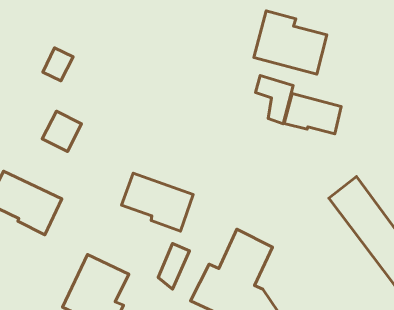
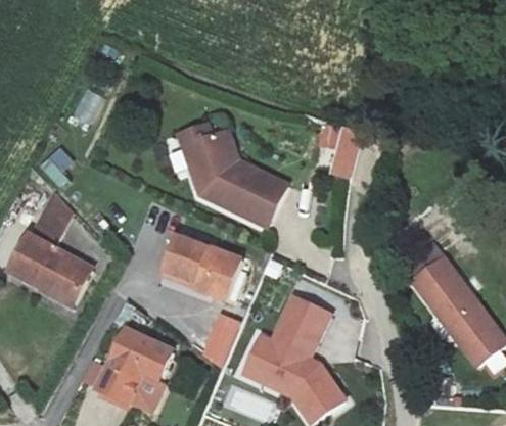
building: [254,11,327,74] -> none
building: none -> [177,122,287,227]
building: [284,93,341,134] -> none
building: [42,111,82,151] -> [34,196,79,242]

